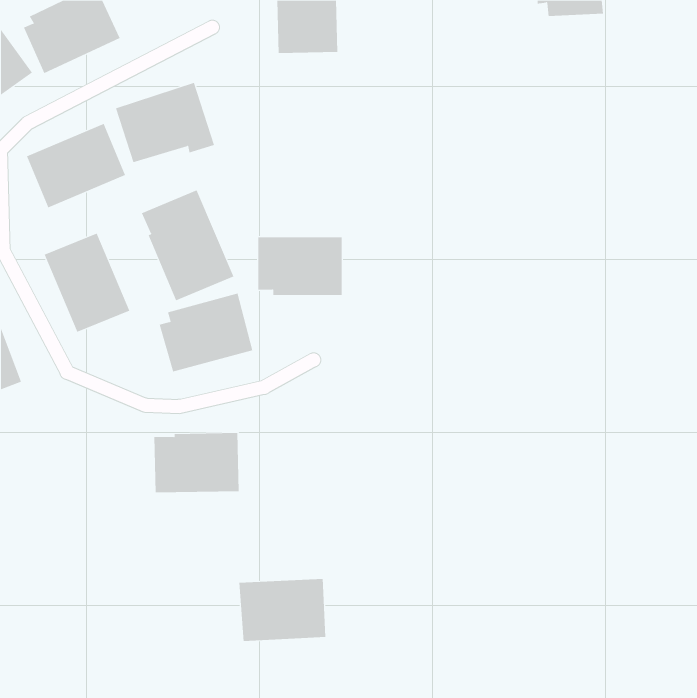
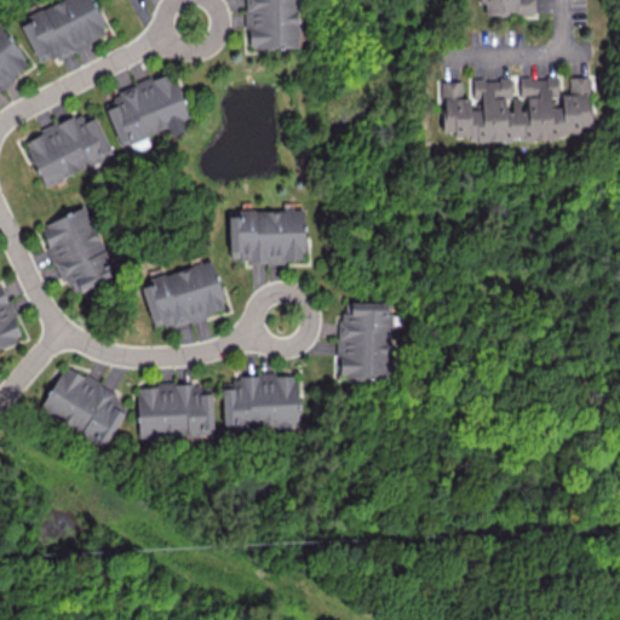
building: none -> [443,78,591,140]
building: [141,190,234,301] -> none
building: none -> [339,302,392,379]
building: none -> [40,367,130,447]
building: [239,578,326,641] -> [222,374,299,430]

